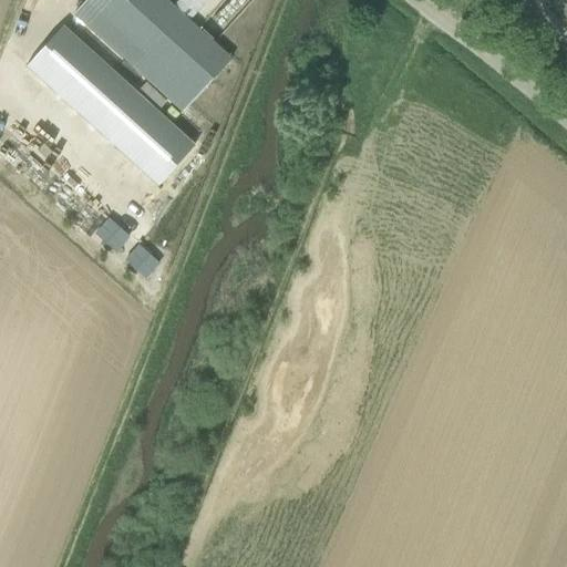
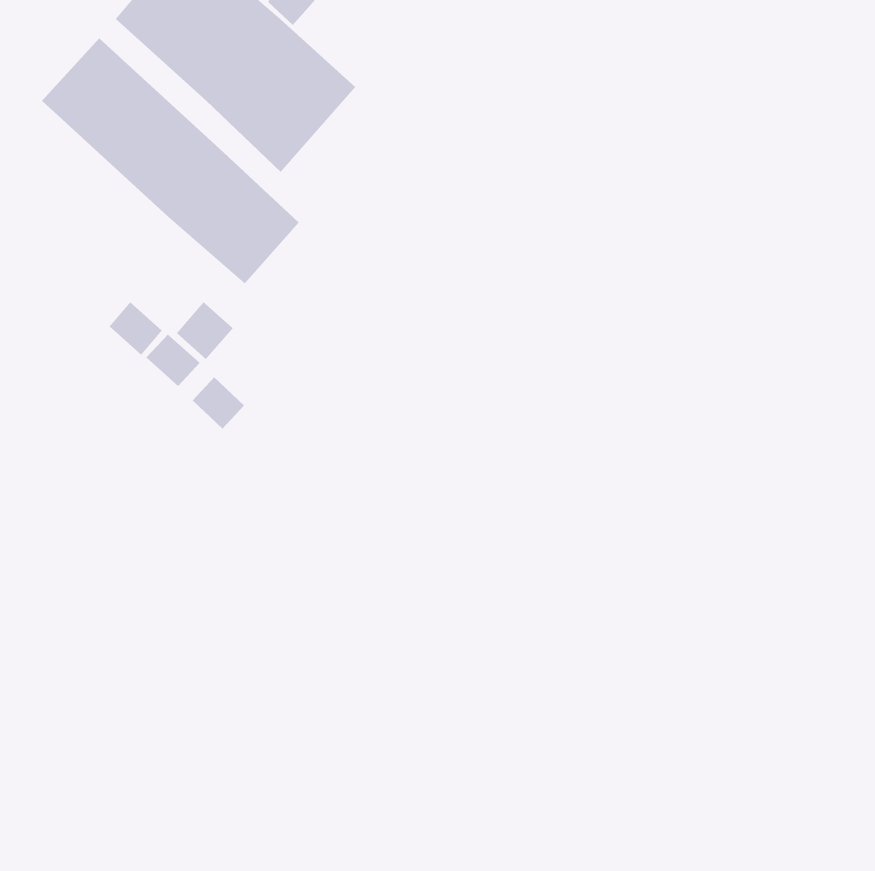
building: none -> [176,301,234,360]
building: none -> [109,302,162,355]

